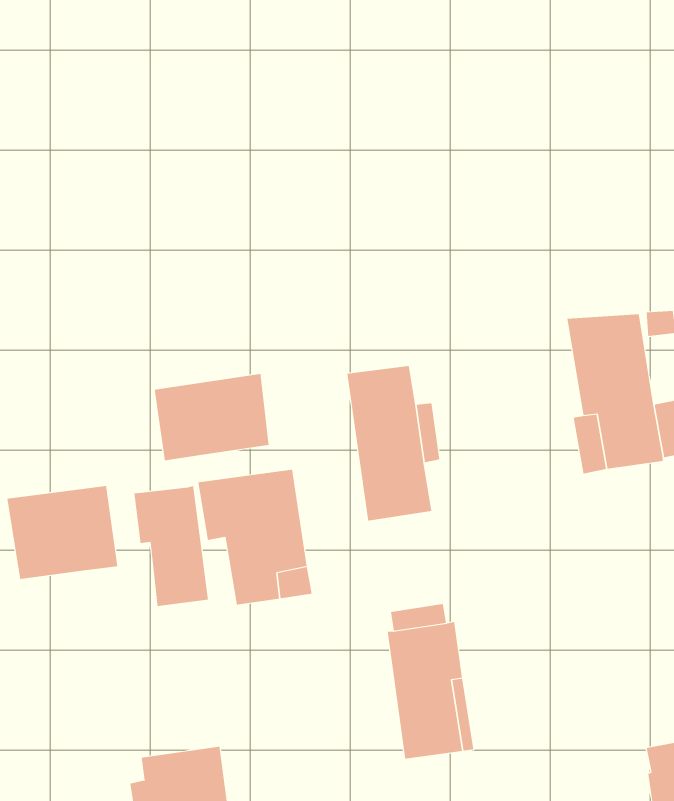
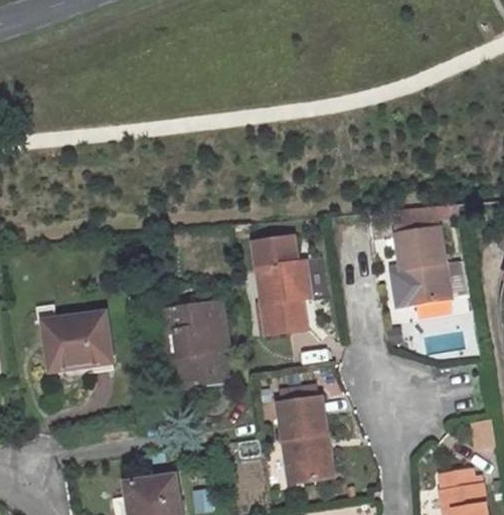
building: [154,373,269,461] -> none
building: [134,485,208,607] -> none

